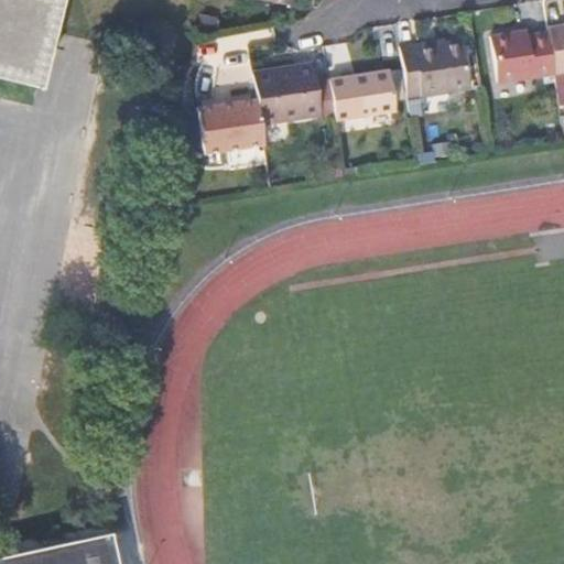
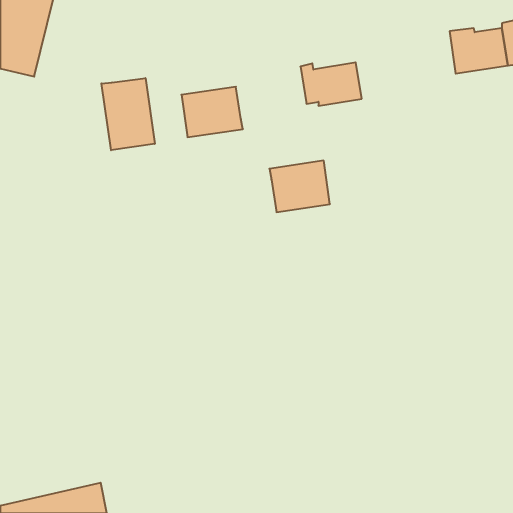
building: [402,43,473,100] -> none
building: [258,74,324,130] -> [269,161,330,212]
building: none -> [101,78,155,150]

